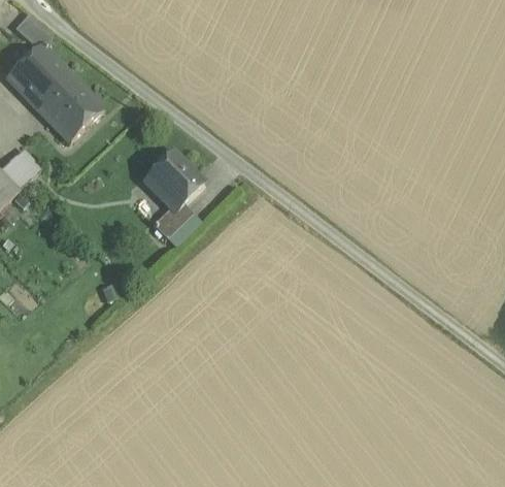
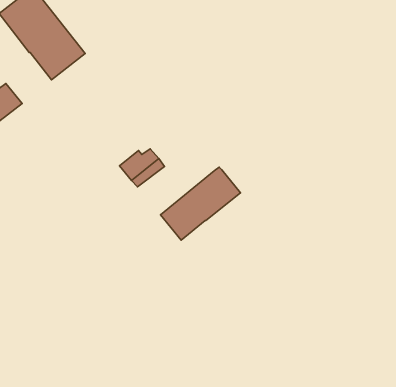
building: [144,152,203,209] -> none
building: none -> [160,167,241,240]

